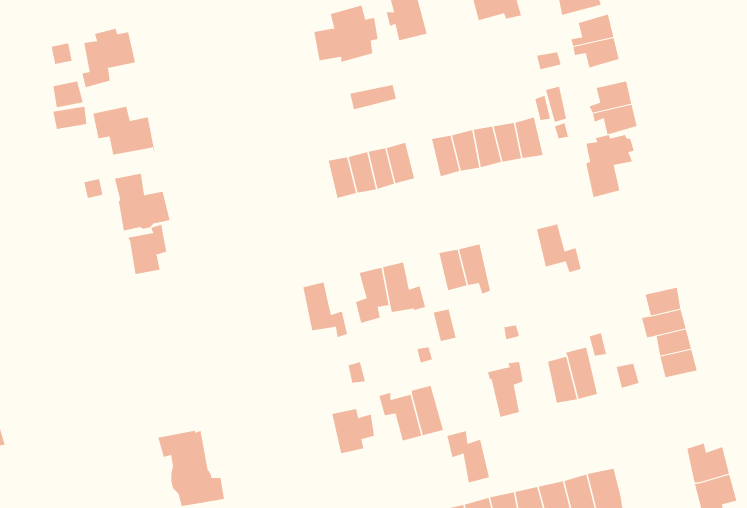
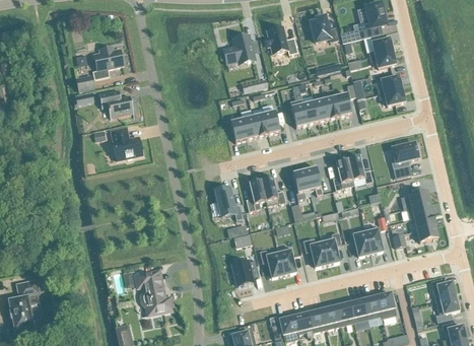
building: [586,134,635,198] -> [394,142,421,178]
building: [128,224,167,275] -> none
building: none -> [333,158,355,190]
building: [446,431,490,483] -> [303,237,328,267]

